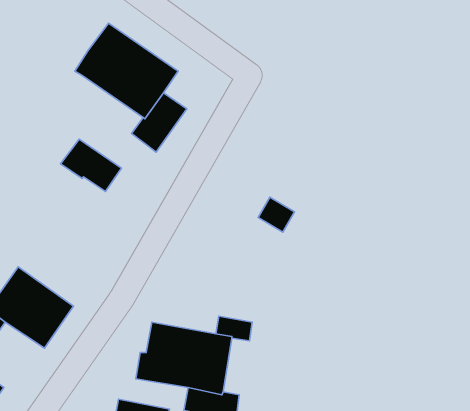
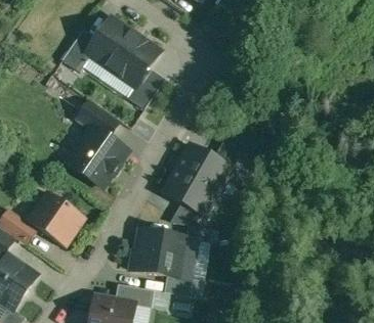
building: none -> [63,30,96,73]
building: none -> [68,128,127,187]
building: none -> [163,145,232,217]

